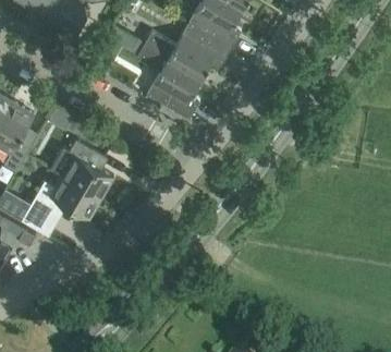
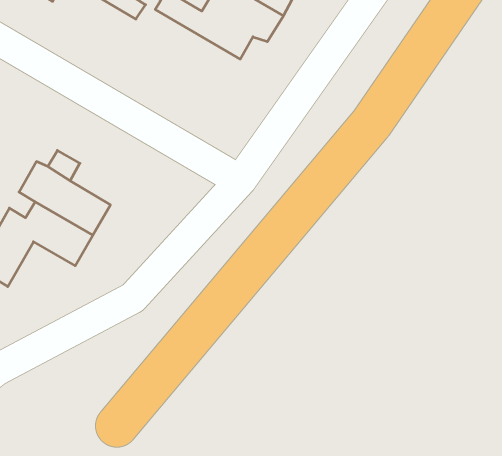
building: [136,44,201,118] -> none

